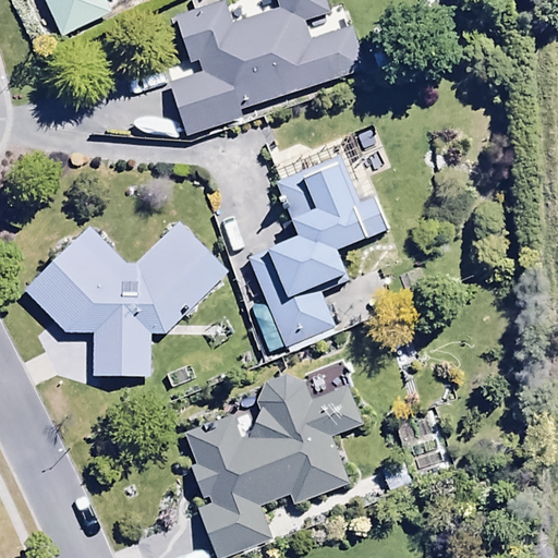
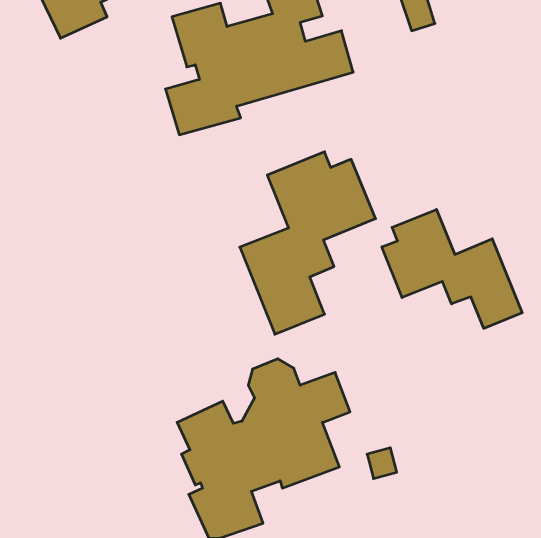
building: none -> [382,209,522,328]
building: [25,220,227,375] -> none

